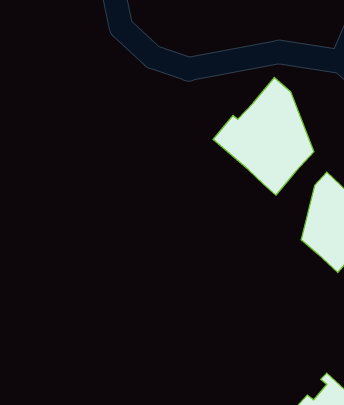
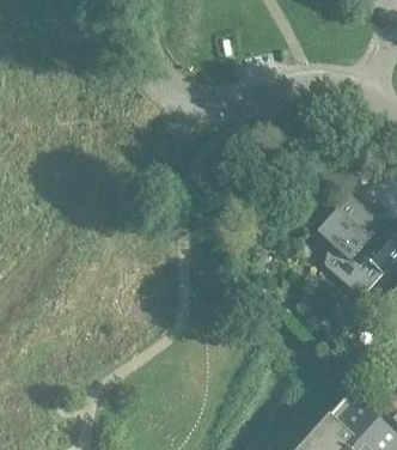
building: [213,77,314,195] -> none

